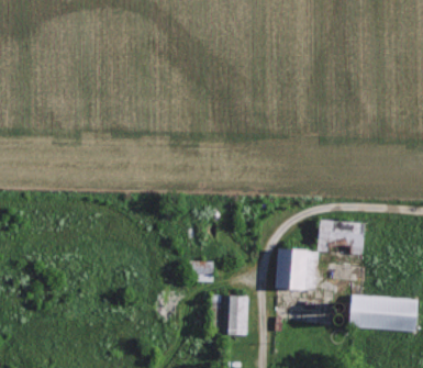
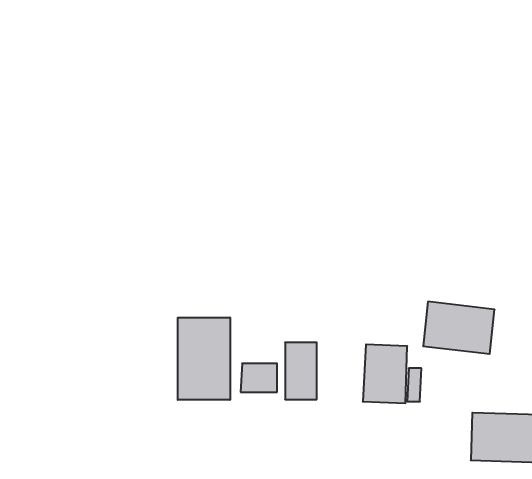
building: none -> [178,317,230,400]
building: [227,295,249,335] -> [285,342,317,399]

